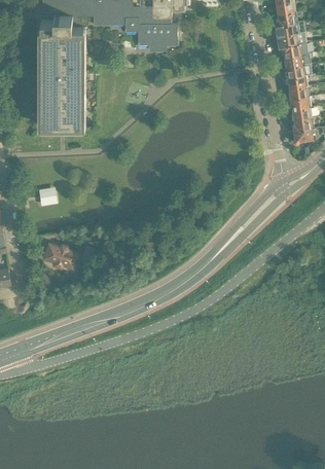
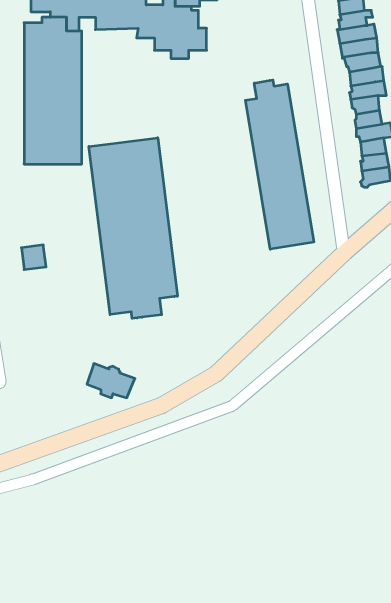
building: none -> [245,80,314,249]
building: none -> [89,138,177,318]
building: [43,244,79,269] -> [87,364,135,398]

